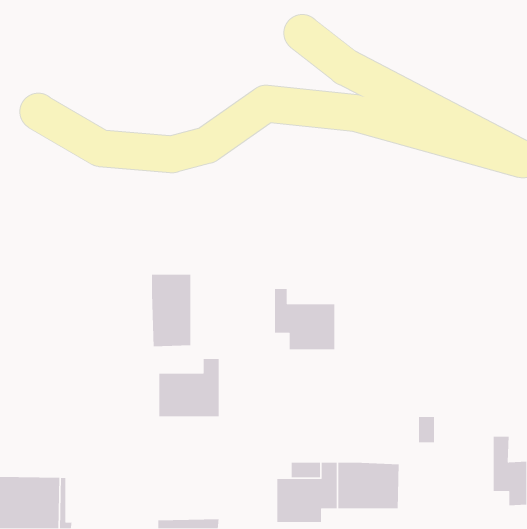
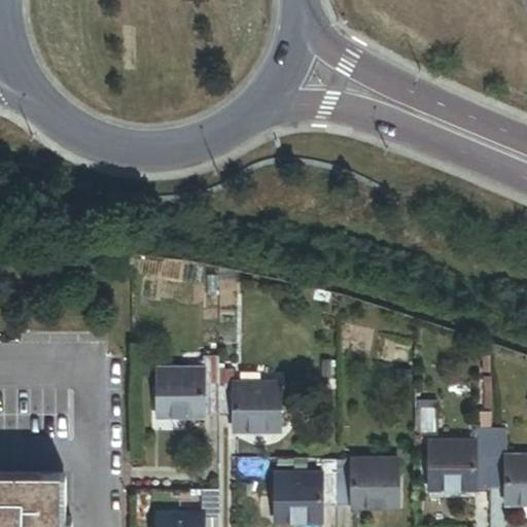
building: [151,274,191,347] -> none
building: [274,288,335,350] -> [218,370,279,431]
building: none -> [430,433,490,489]

